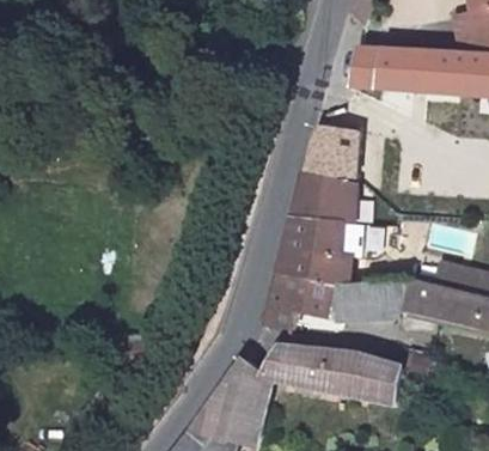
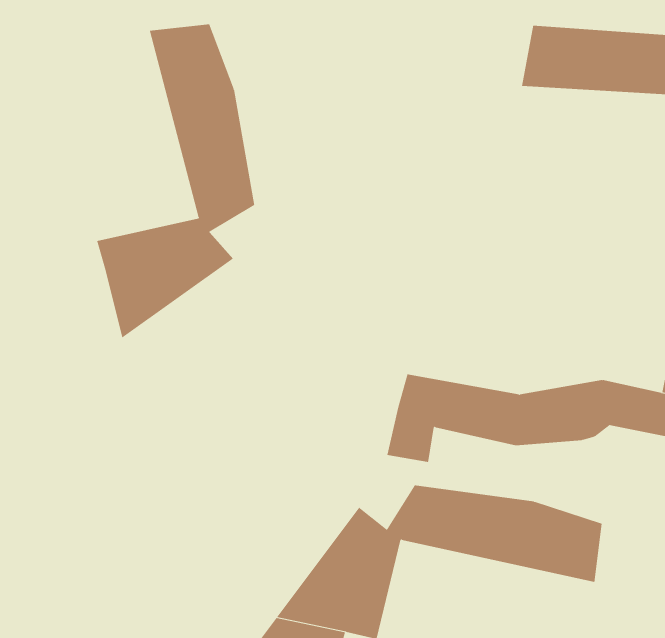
building: none -> [97,23,255,339]
building: [274,133,363,288] -> none

